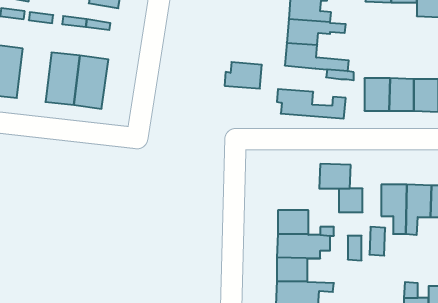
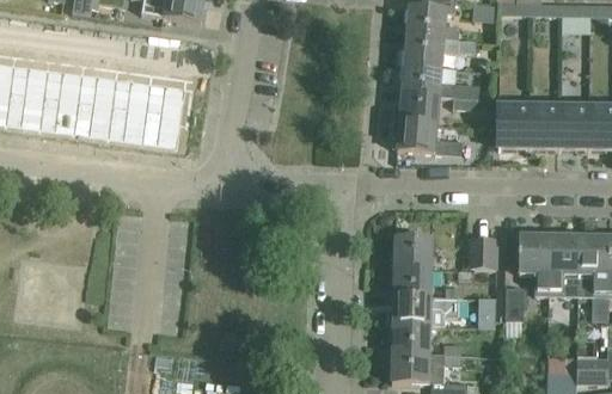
building: none -> [76,72,118,136]
building: [225,62,262,89] -> [393,92,439,124]
building: [319,164,351,189] -> [393,238,432,267]

